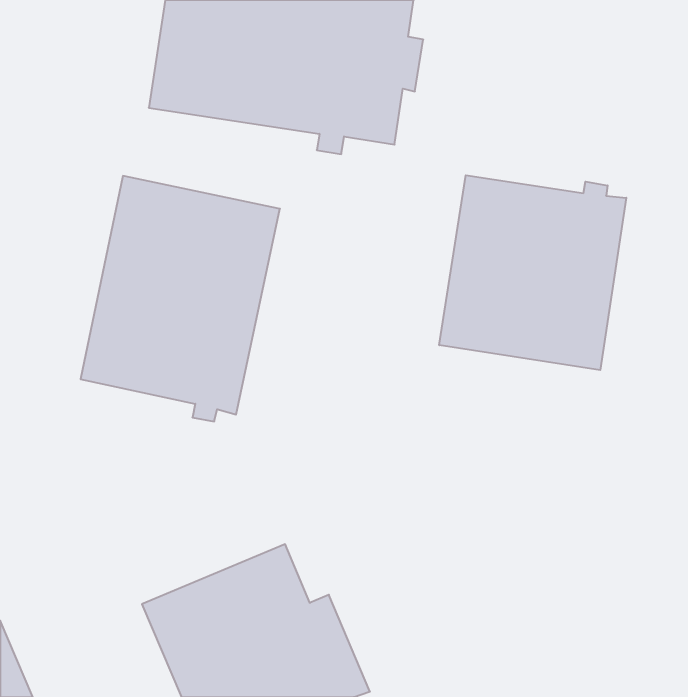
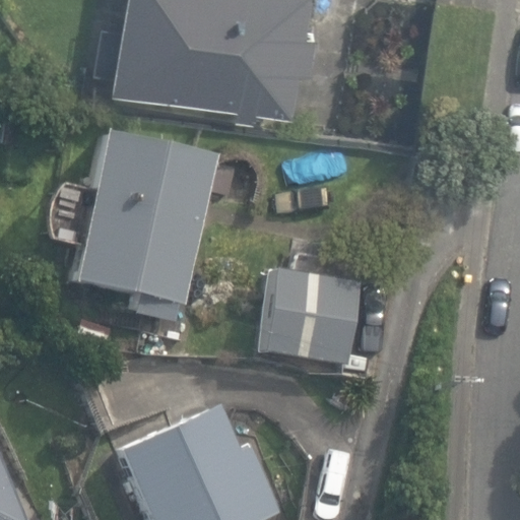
building: [439,175,626,370] -> none
building: none -> [264,267,361,366]

